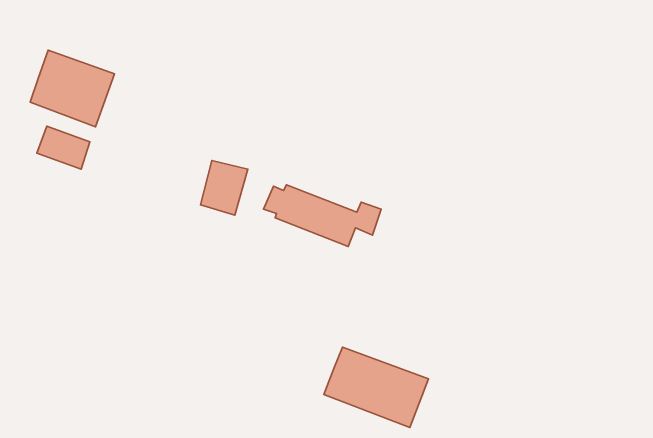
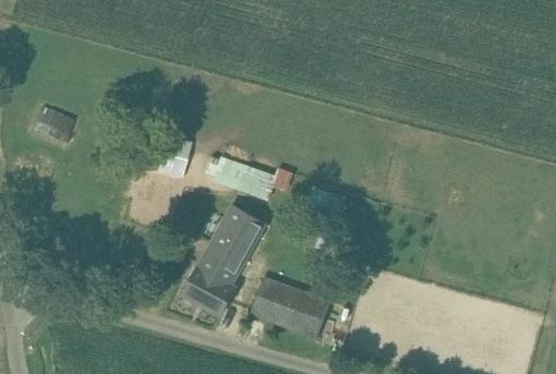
building: [30,50,115,127] -> none
building: none -> [181,205,264,315]

